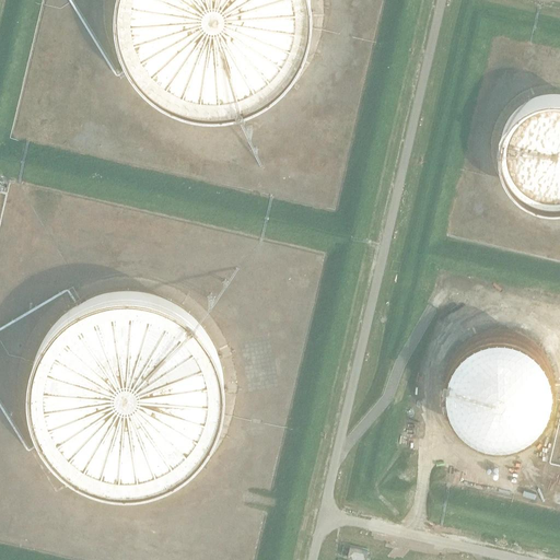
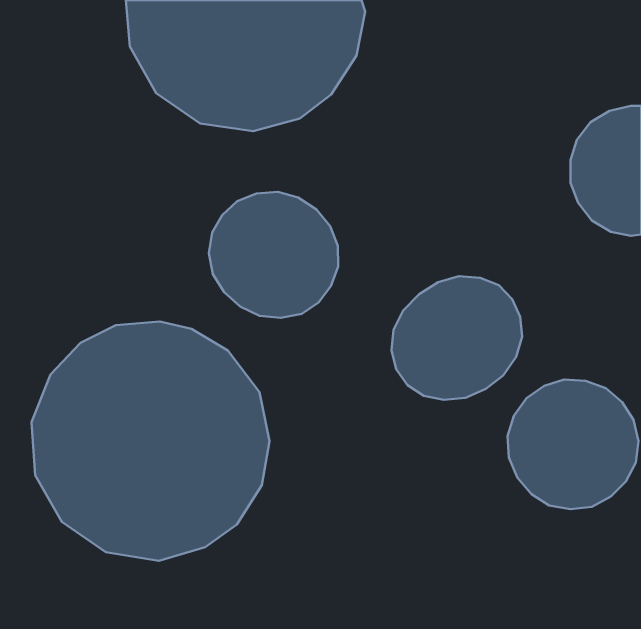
building: none -> [209,192,338,318]
building: none -> [392,276,522,400]

